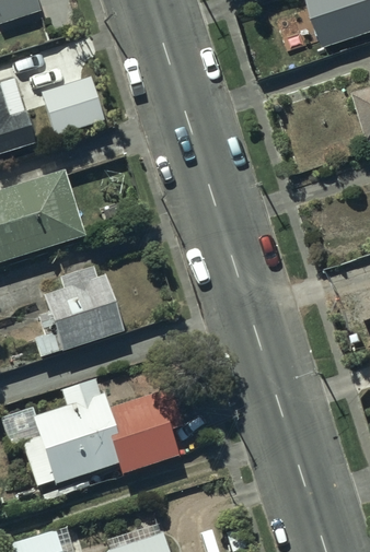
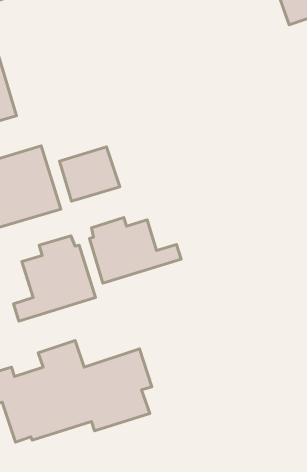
building: [41,74,105,132] -> [59,147,120,201]
building: none -> [89,218,181,283]

